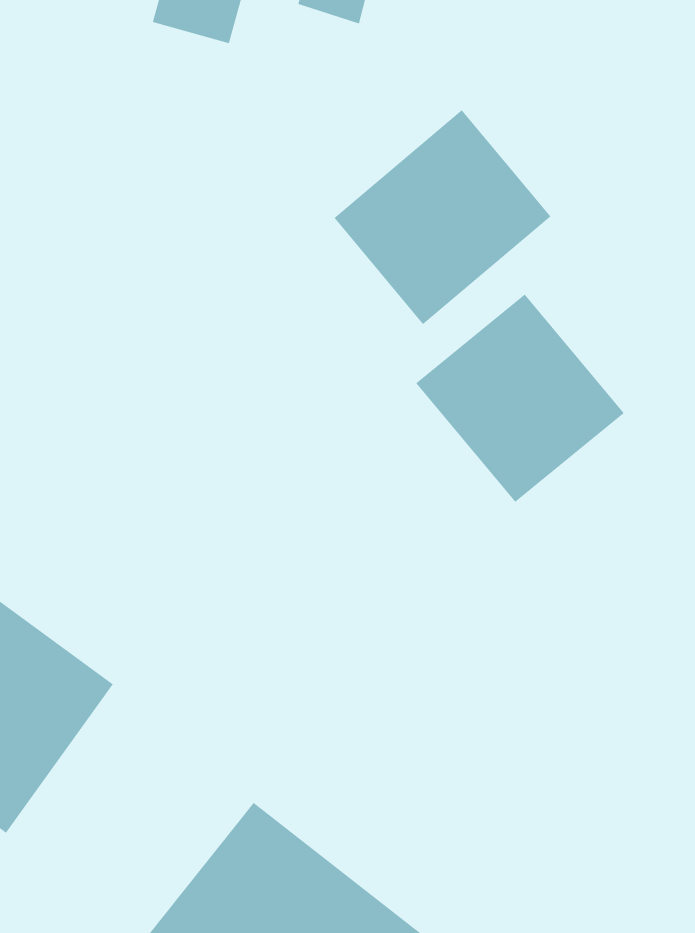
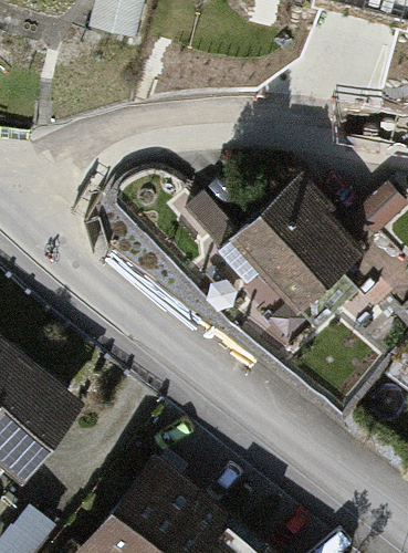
building: [333,109,551,325] -> none

